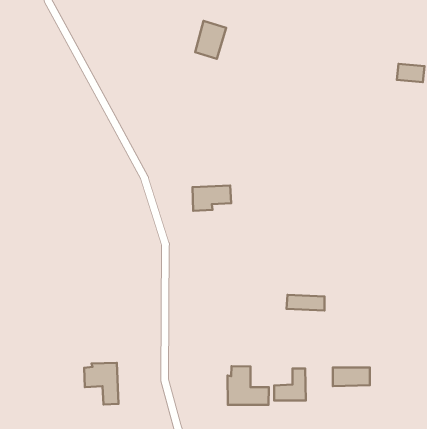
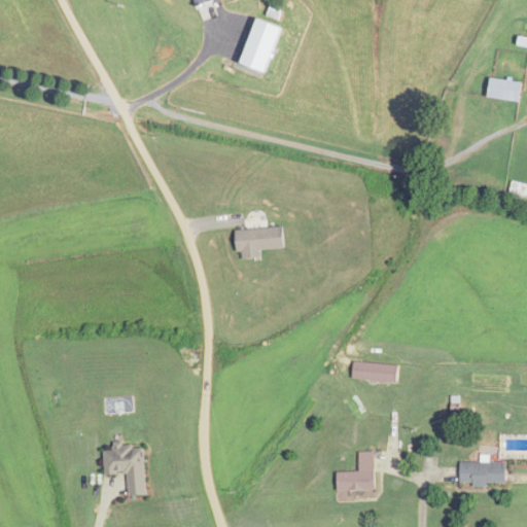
building: [228,366,269,405] -> none
building: [333,368,370,386] -> [459,462,504,485]

